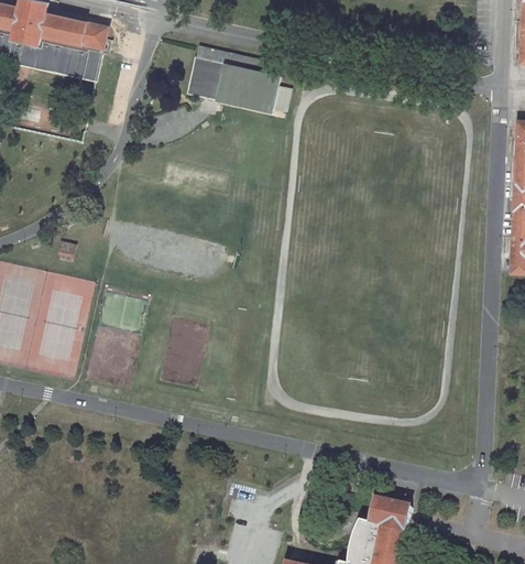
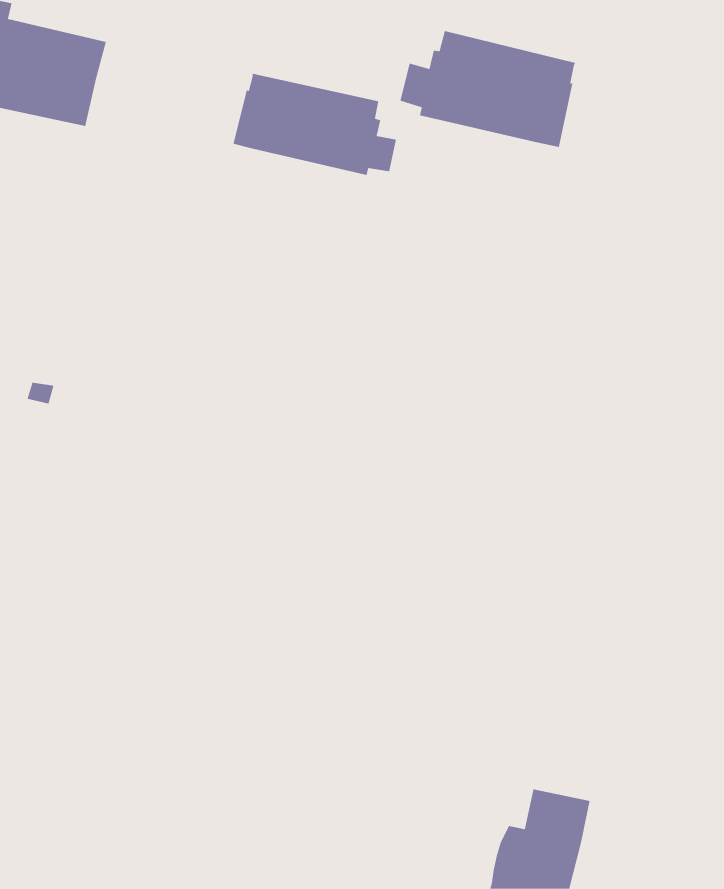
building: none -> [400,30,576,148]

